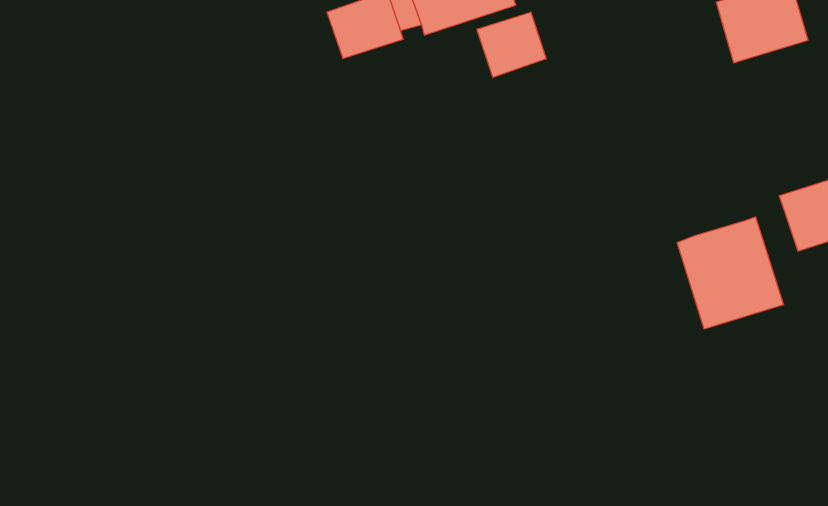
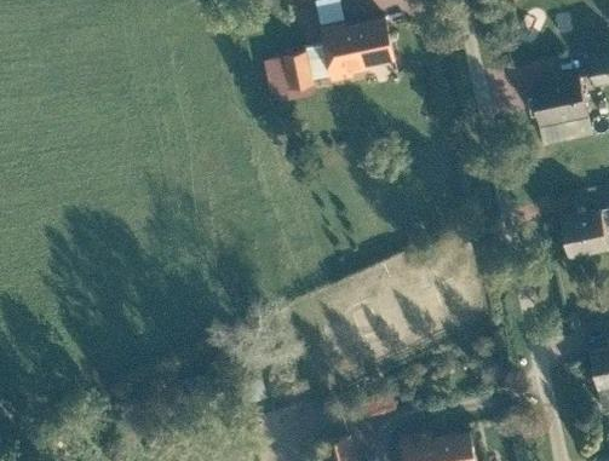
building: [477,12,546,78] -> none
building: [677,217,784,329] -> none

